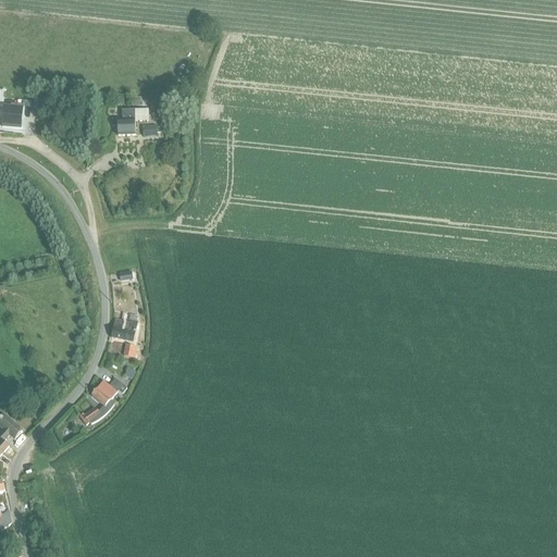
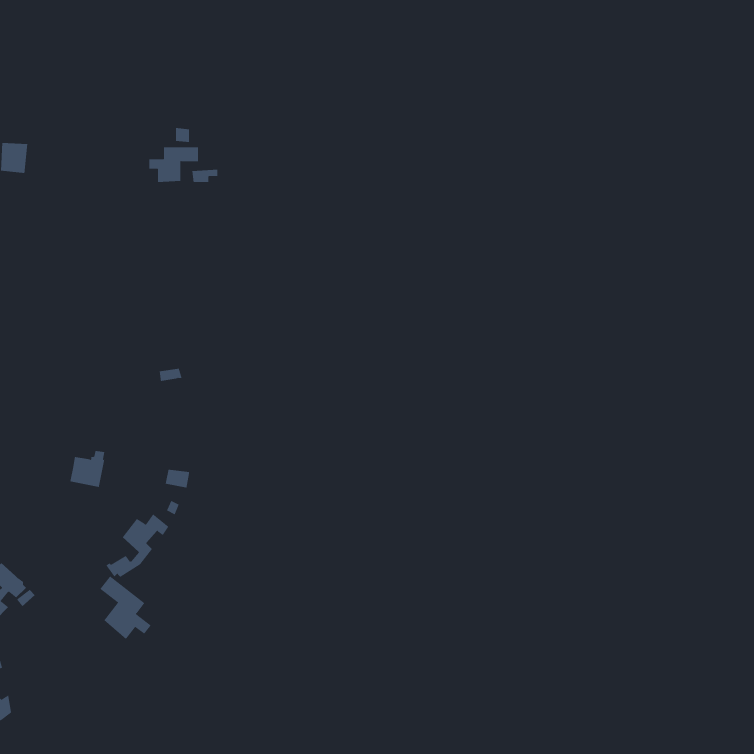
building: [109,313,135,341] -> [70,450,105,488]
building: none -> [100,576,151,640]

